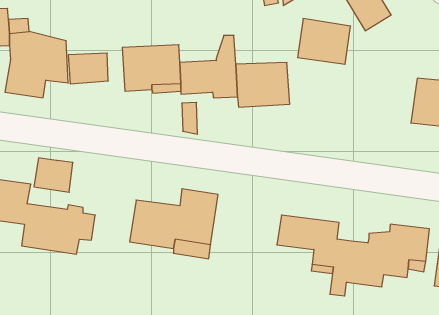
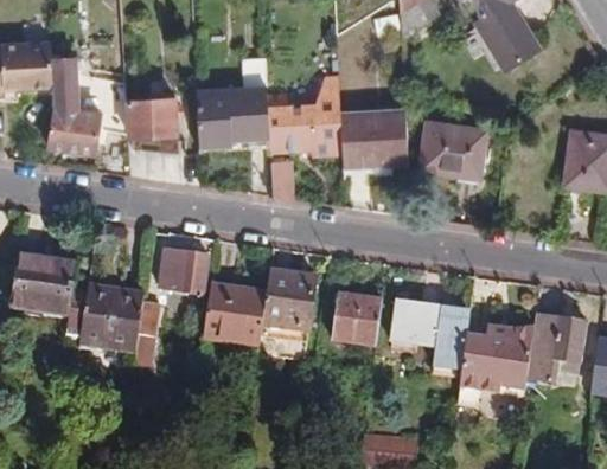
building: [298,19,351,64] -> [418,120,486,178]
building: [34,158,73,192] -> [159,249,209,293]
building: none -> [333,293,383,343]

